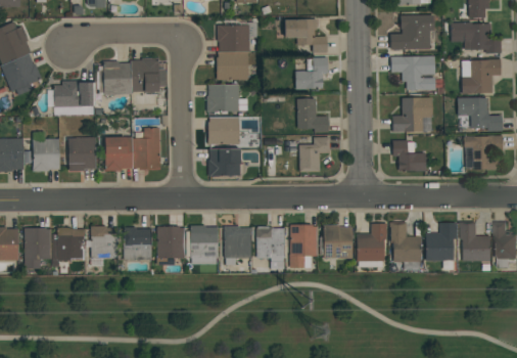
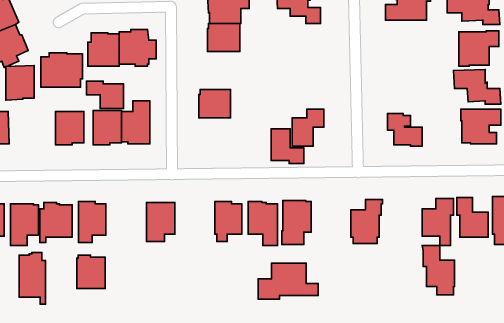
building: [390,56,435,90] -> none
building: [295,57,328,89] -> none
building: [207,85,247,113] -> none
building: [392,97,432,132] -> none
building: [297,98,329,132] -> [271,129,304,164]
building: none -> [87,81,123,109]
building: [33,138,60,172] -> [6,66,34,100]
building: [207,149,241,176] -> none
building: [389,222,421,270] -> [422,246,455,295]
building: [187,225,218,264] -> none
building: [320,225,353,259] -> none
building: [124,227,151,260] -> [77,255,105,289]
building: none -> [19,252,45,304]
building: none -> [258,263,318,299]

